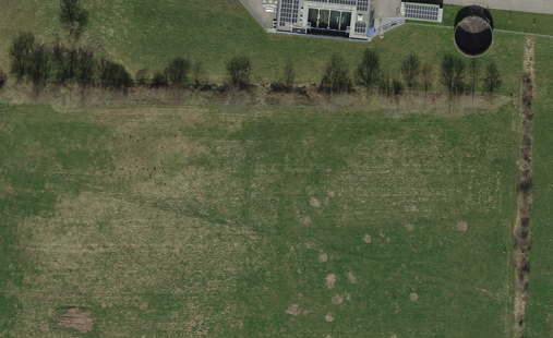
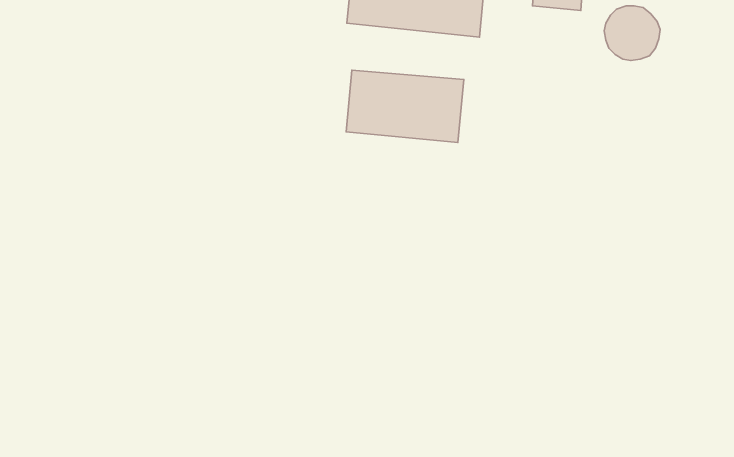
building: none -> [346,70,464,143]

